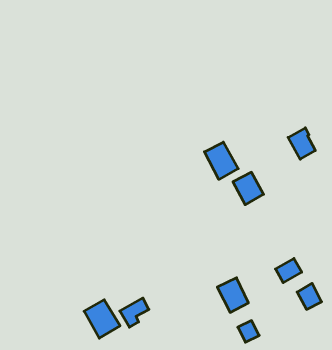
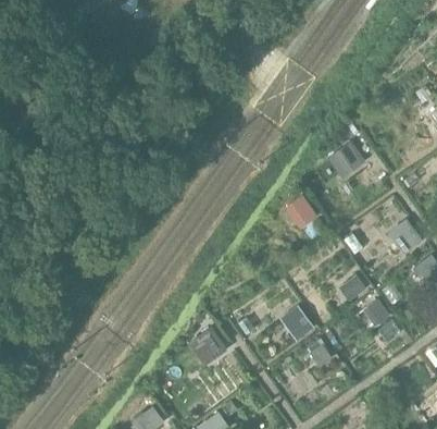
building: [204,142,238,179] -> none
building: [84,300,120,338] -> none

